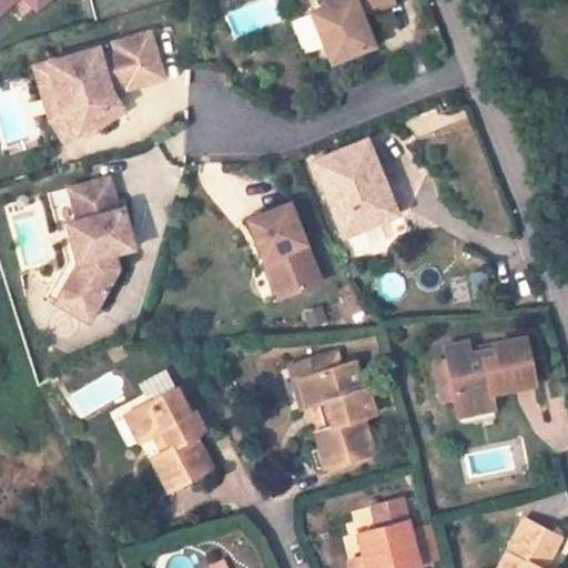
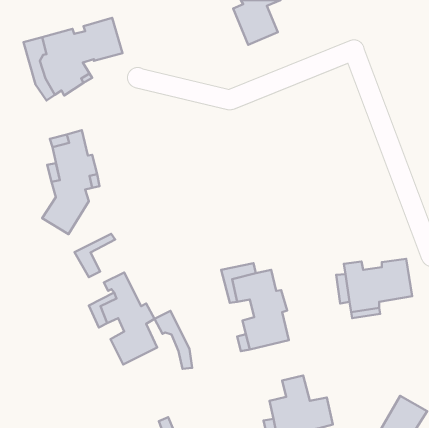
building: [311,140,396,234] -> none
building: [248,204,321,303] -> none
building: none -> [75,234,115,277]
building: none -> [155,311,192,369]

